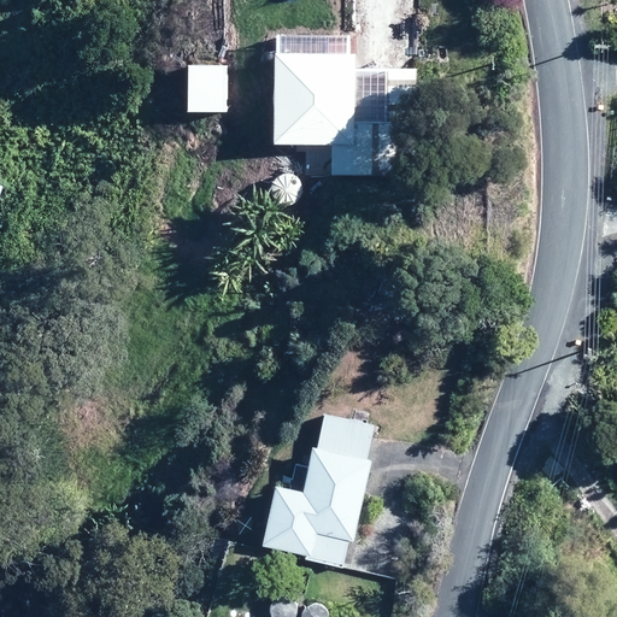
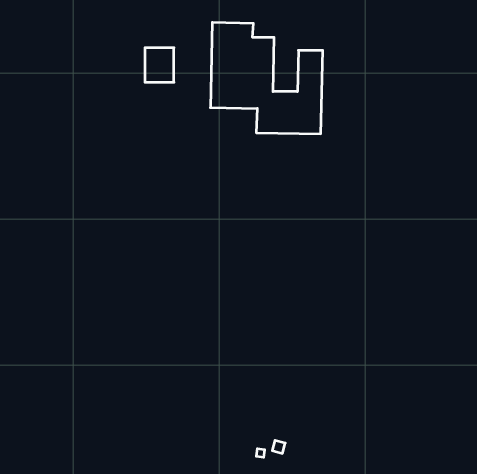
building: [262,416,374,566] -> none

